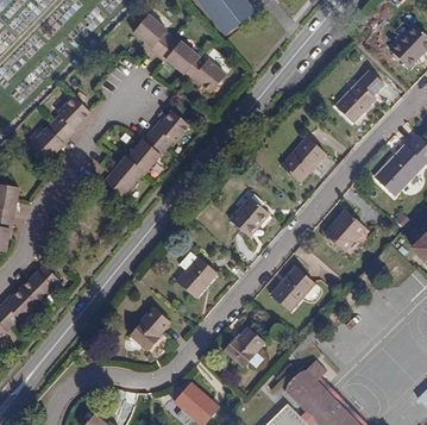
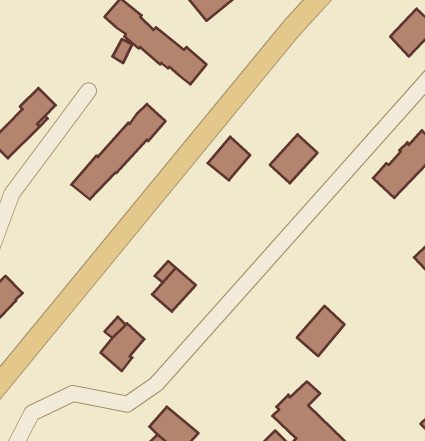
building: [335,69,383,121] -> none
building: [230,196,268,236] -> [208,137,250,180]
building: [325,210,364,250] -> none
building: [271,265,314,311] -> [297,306,344,356]
building: [224,327,264,367] -> none

